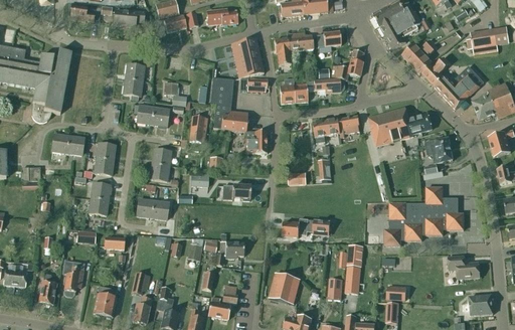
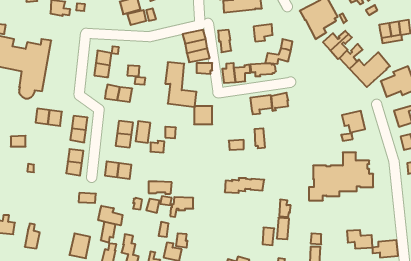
building: [113,10,144,26] -> none
building: [207,10,237,25] -> none
building: [287,31,312,50] -> none
building: [368,106,432,146] -> none
building: [189,116,207,142] -> [136,121,150,143]
building: [222,185,250,200] -> [149,181,172,194]
building: none -> [98,206,123,225]
building: [448,256,479,278] -> [347,230,373,248]
building: [62,261,83,297] -> none
building: [269,272,300,303] -> none

